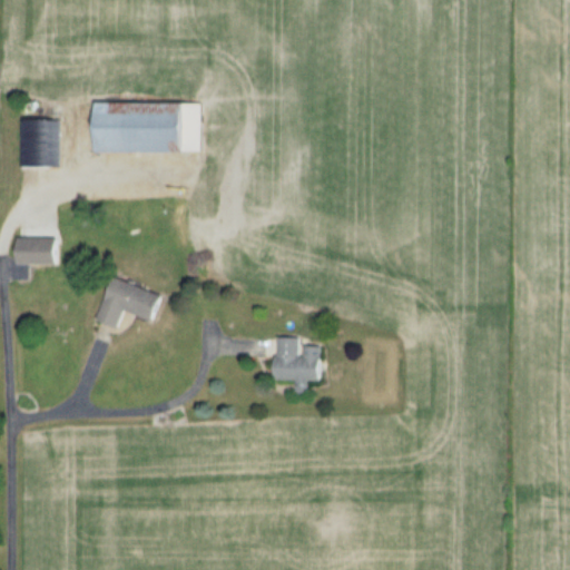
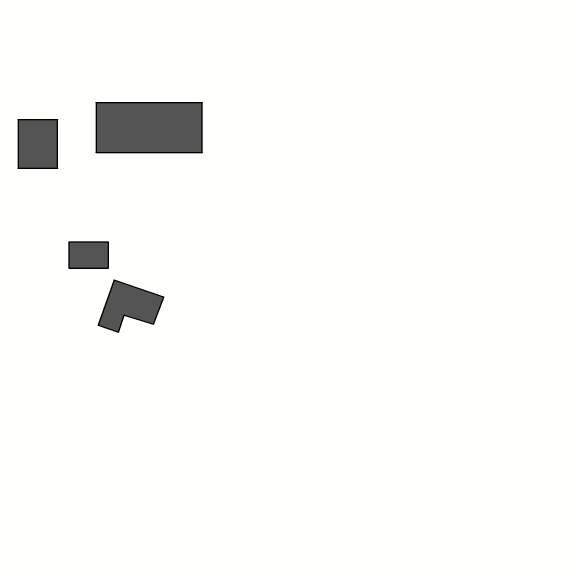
building: [16,238,55,264] -> [69,242,108,268]
building: [273,337,318,394] -> none

